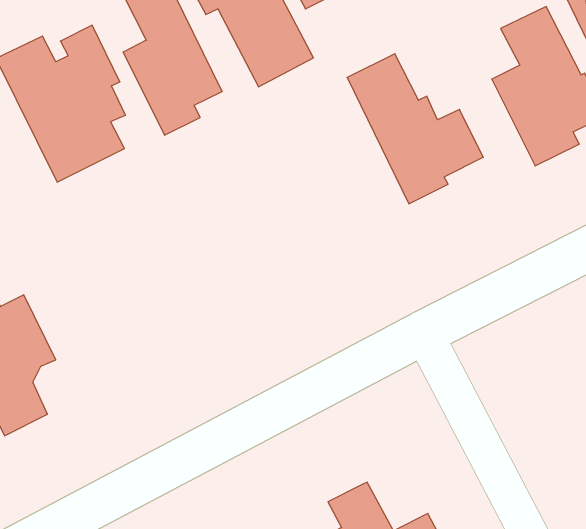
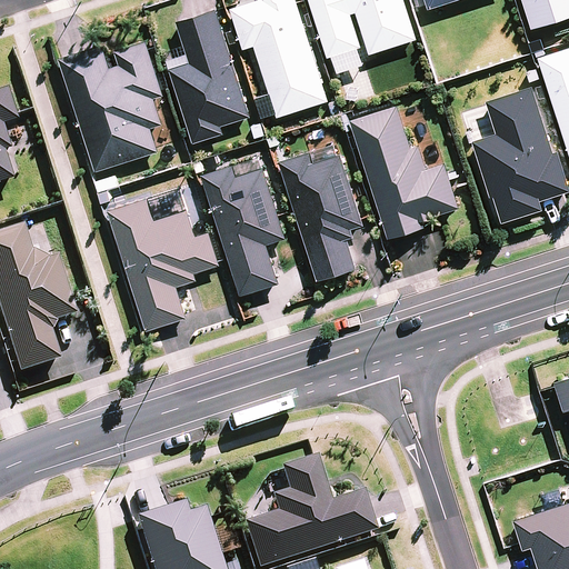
building: none -> [282,154,359,277]
building: none -> [204,163,282,292]
building: none -> [110,196,217,327]

